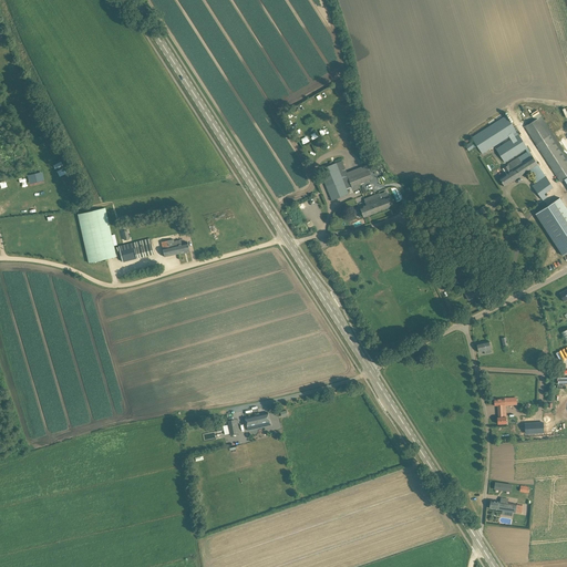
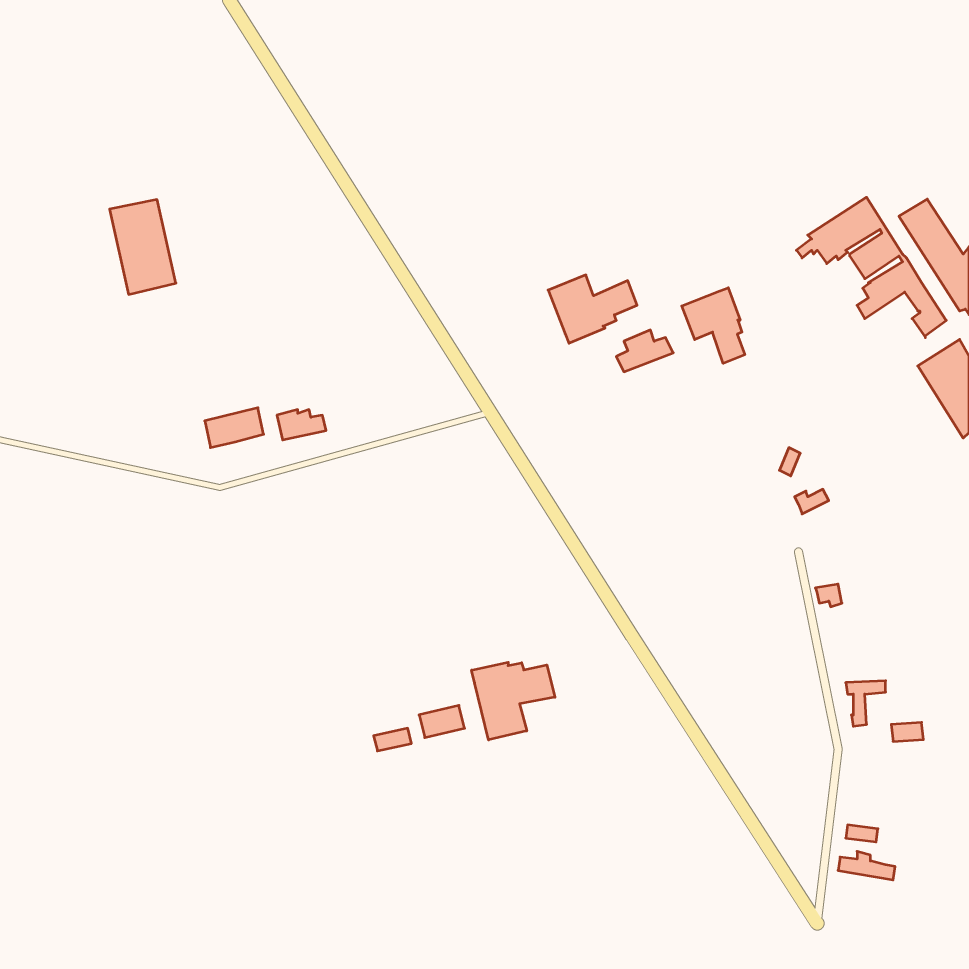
building: none -> [682,288,745,363]
building: [78,208,116,264] -> [110,200,176,294]
building: none -> [472,662,555,740]

